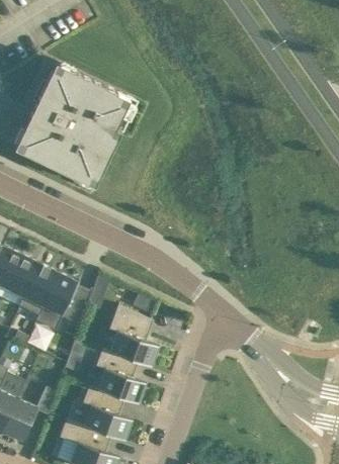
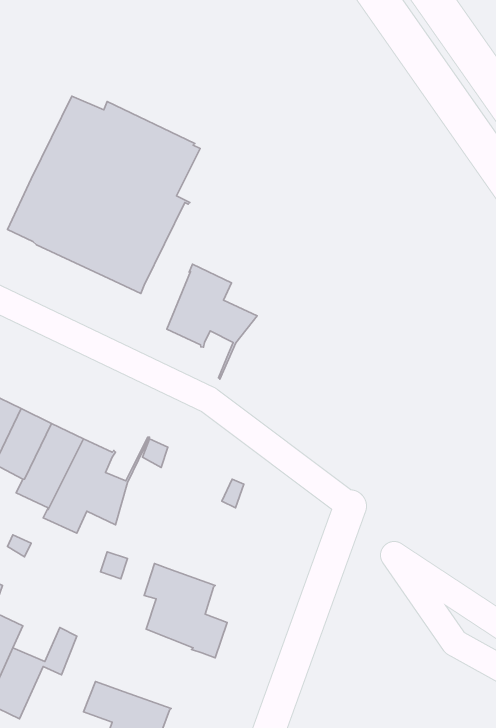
building: none -> [167,264,257,379]
building: [108,304,158,367] -> none
building: [82,385,132,441] -> none

